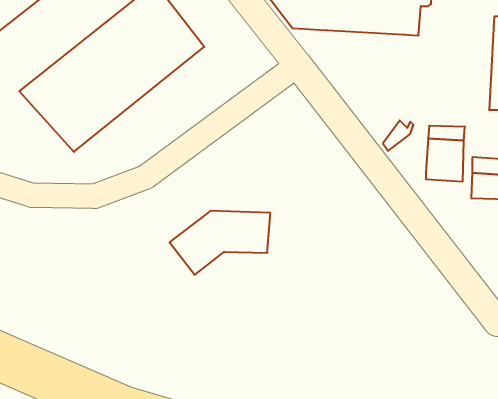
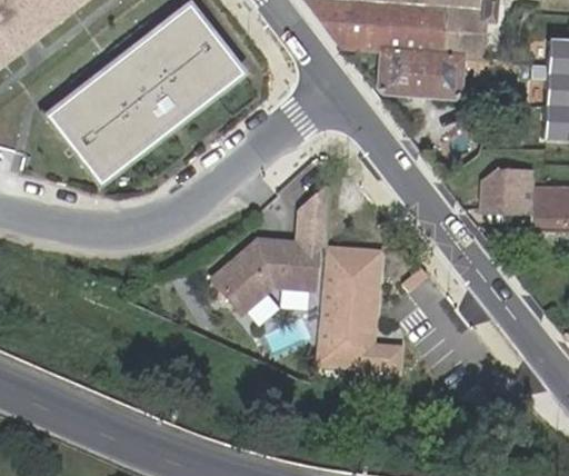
building: none -> [375,50,458,97]
building: none -> [316,245,401,368]

